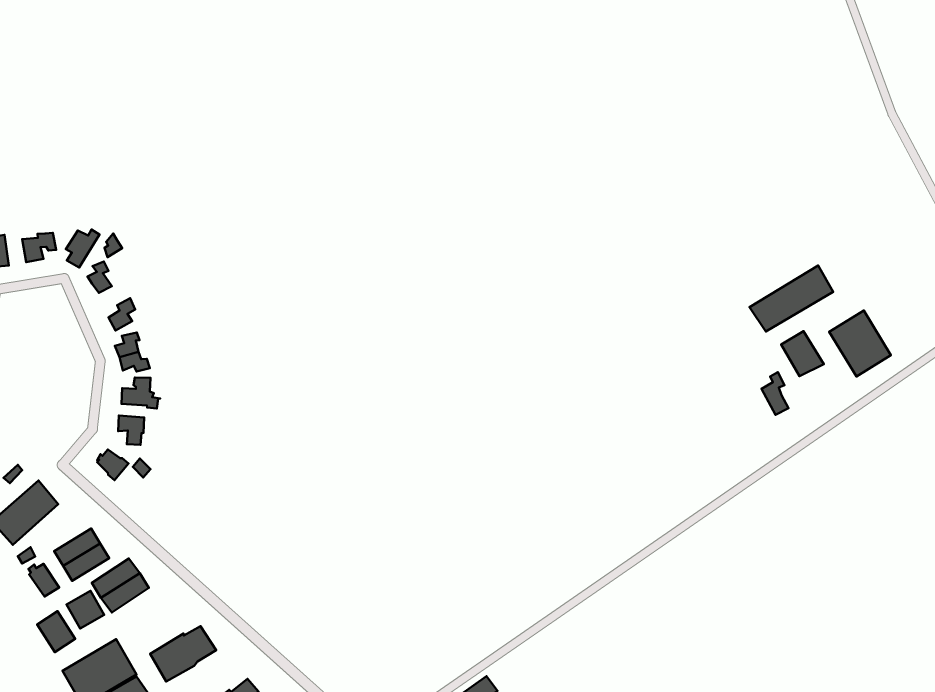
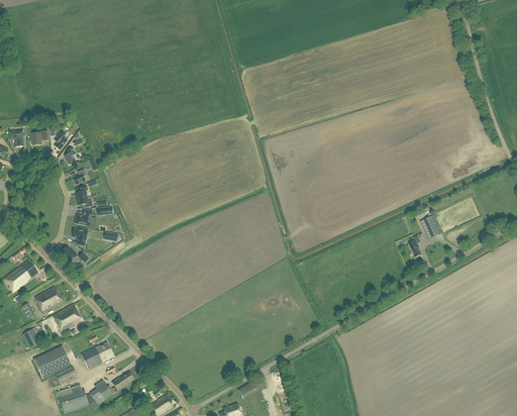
building: [750,265,833,332] -> none
building: [829,310,891,376] -> none

